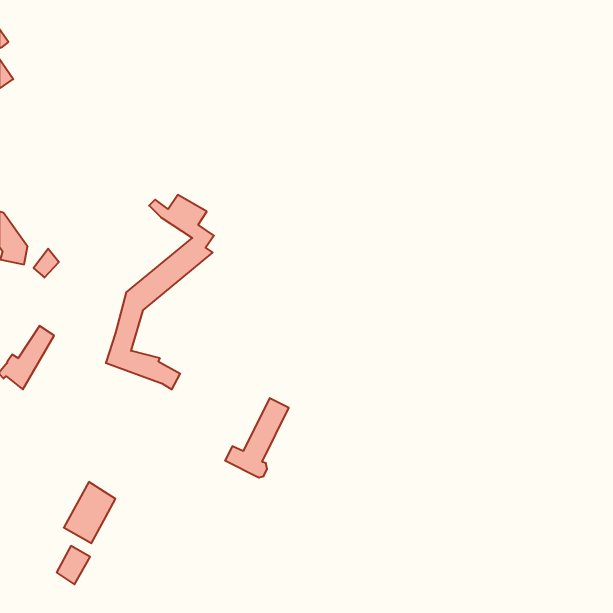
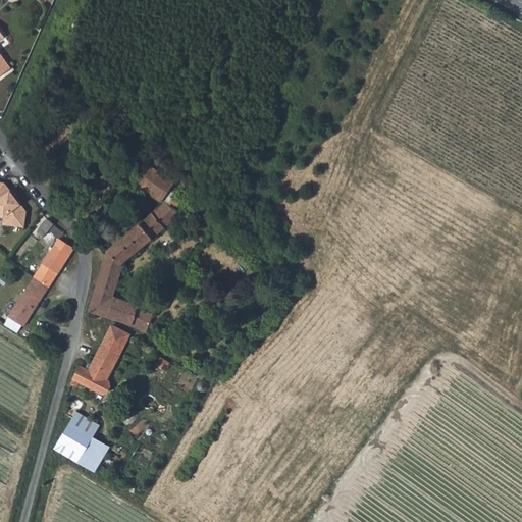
building: none -> [34,226,72,285]
building: [225,398,289,477] -> [75,325,129,393]
building: [57,546,90,584] -> [77,439,106,472]

